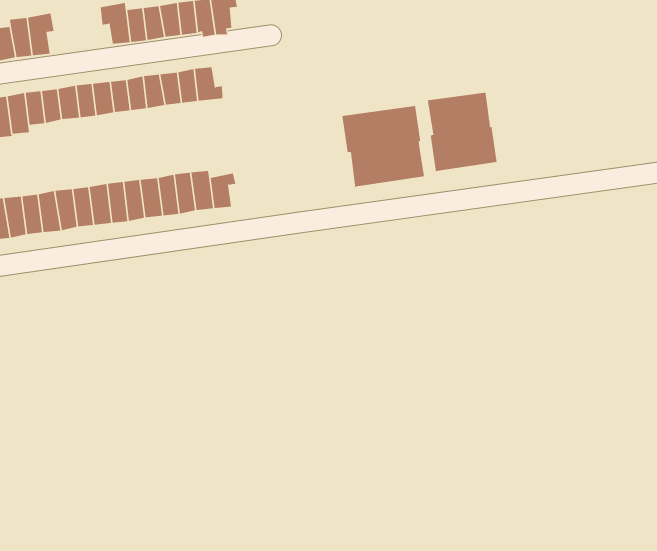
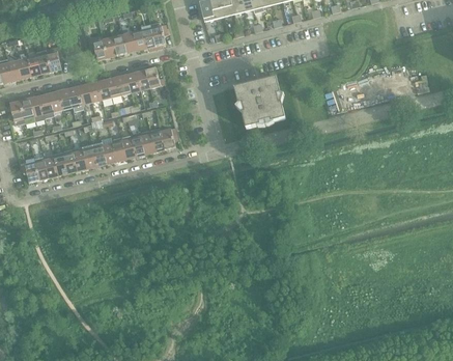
building: [427,92,497,172] -> none

